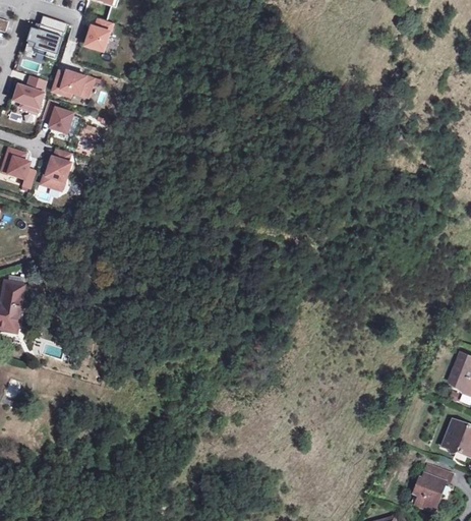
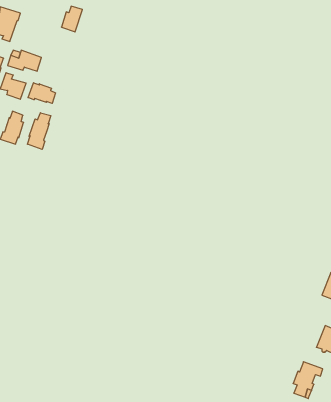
building: [86,18,113,51] -> [61,6,82,32]
building: none -> [28,83,55,103]
building: none -> [27,113,51,149]

